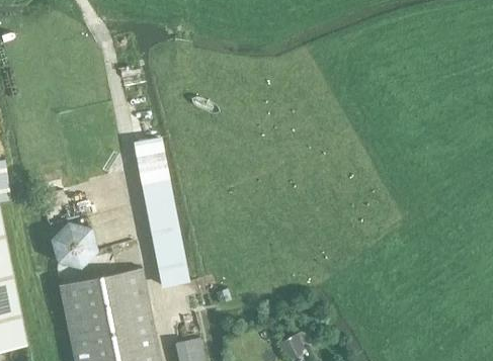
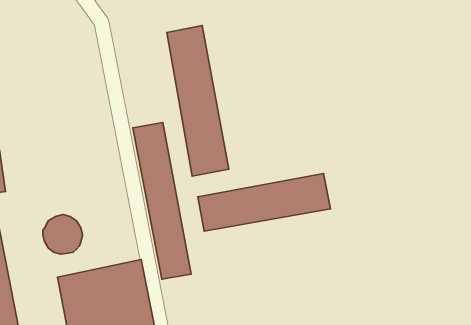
building: none -> [167,26,229,176]
building: none -> [198,173,331,231]

